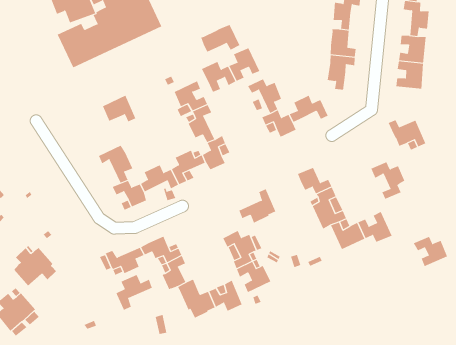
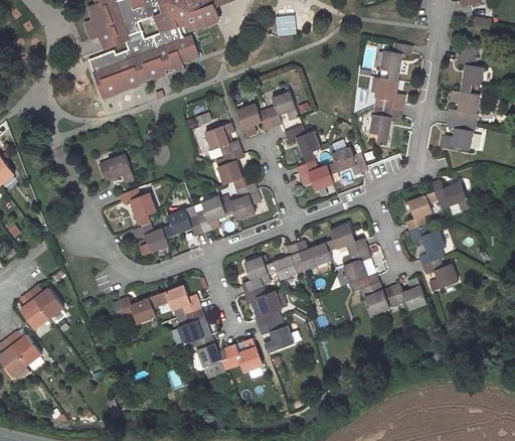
building: [200,24,240,53] -> none
building: [102,95,136,122] -> [99,153,134,182]
building: none -> [405,190,438,230]
building: none -> [296,239,337,268]
building: none -> [241,256,268,292]
building: [413,236,448,267] -> [421,258,458,290]
building: [116,274,152,311] -> none

